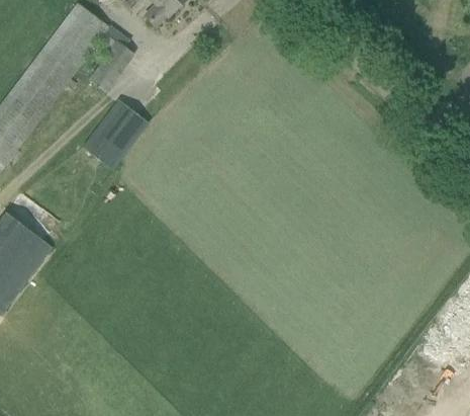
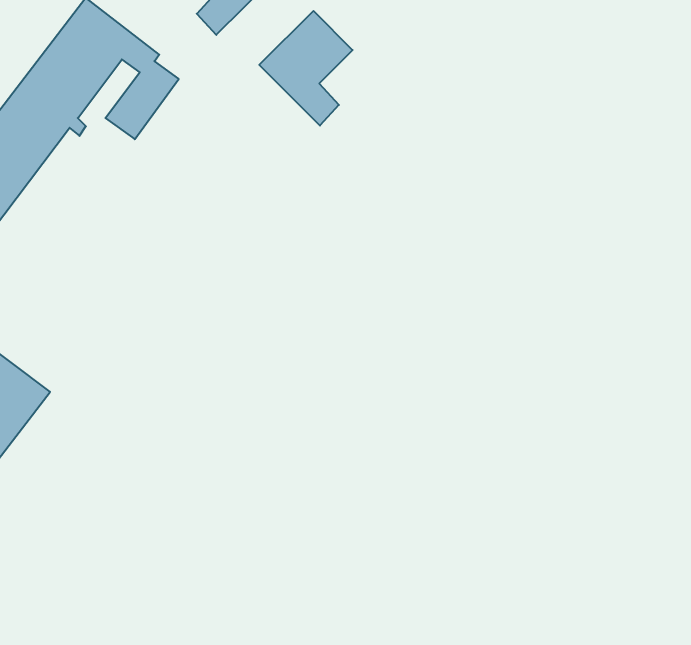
building: none -> [259,11,353,126]
building: [81,98,149,170] -> none

